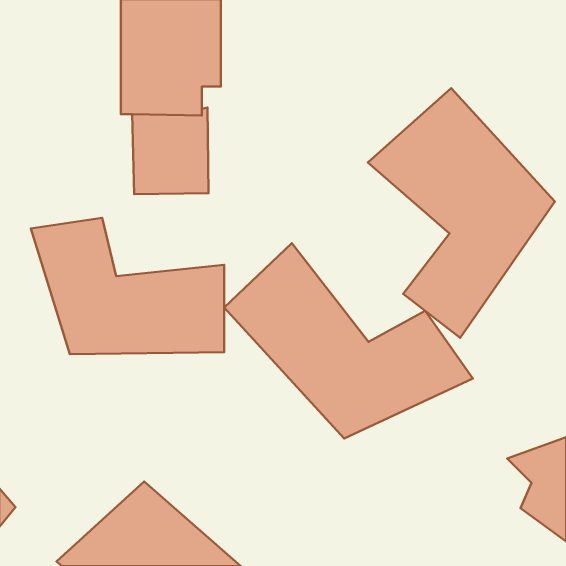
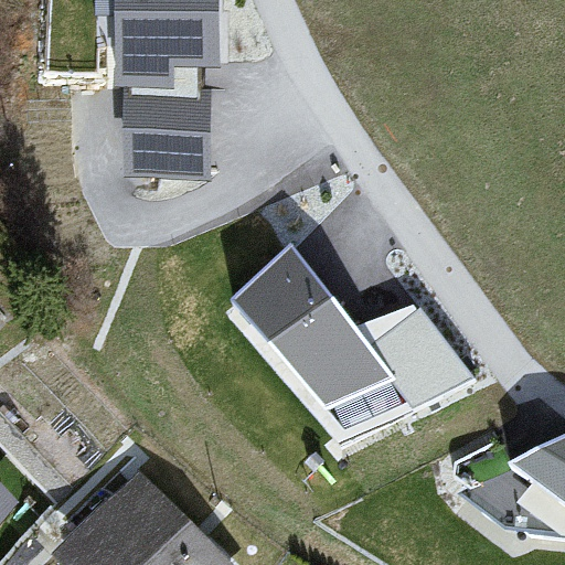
building: [368,88,555,338] -> none
building: [31,218,224,354] -> none

